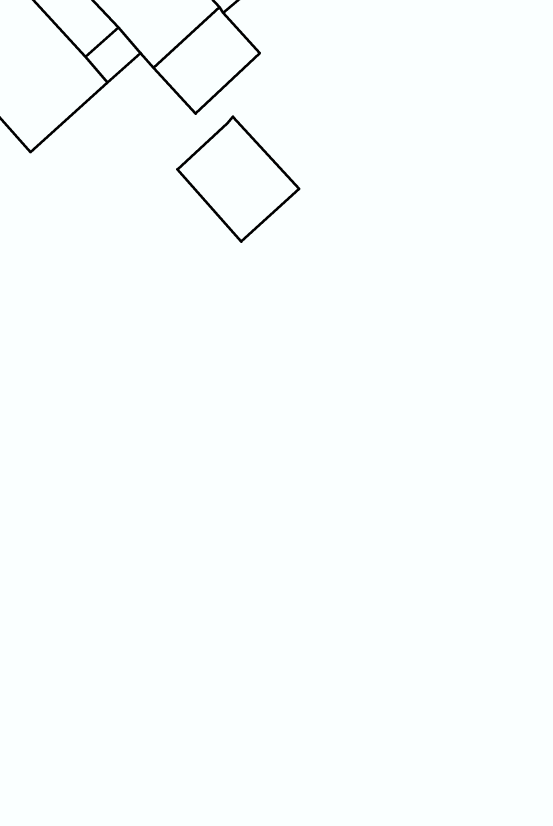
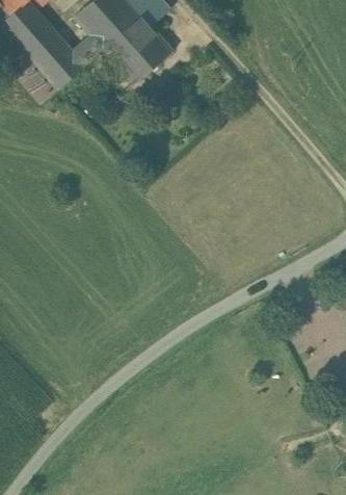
building: [177,117,299,242] -> none

